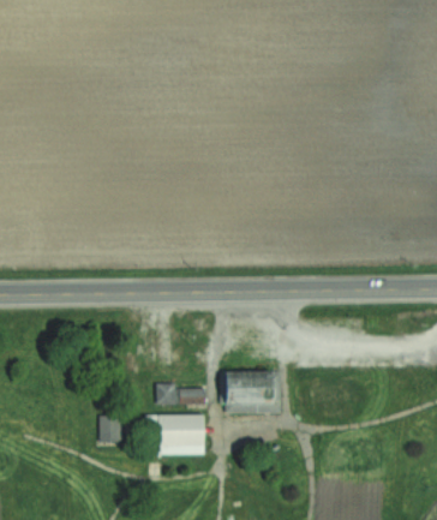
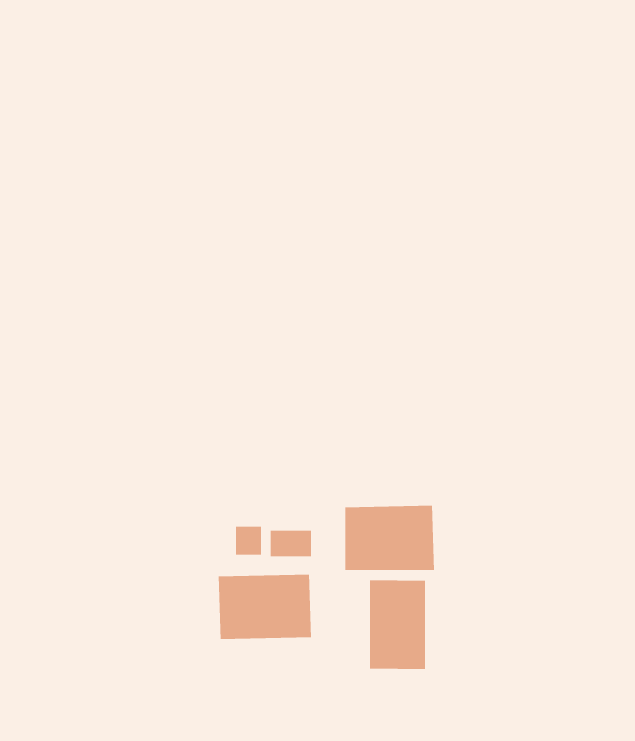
building: [100,416,125,443] -> none
building: none -> [370,579,425,670]

